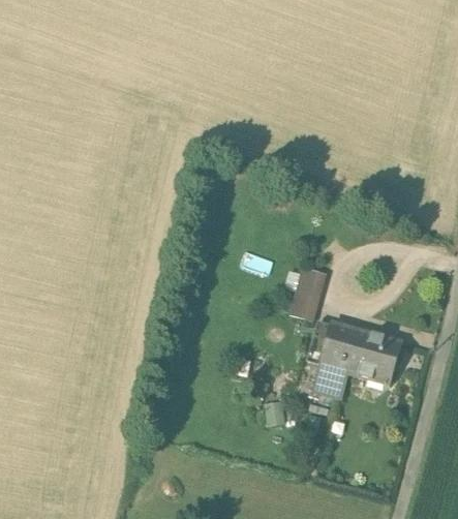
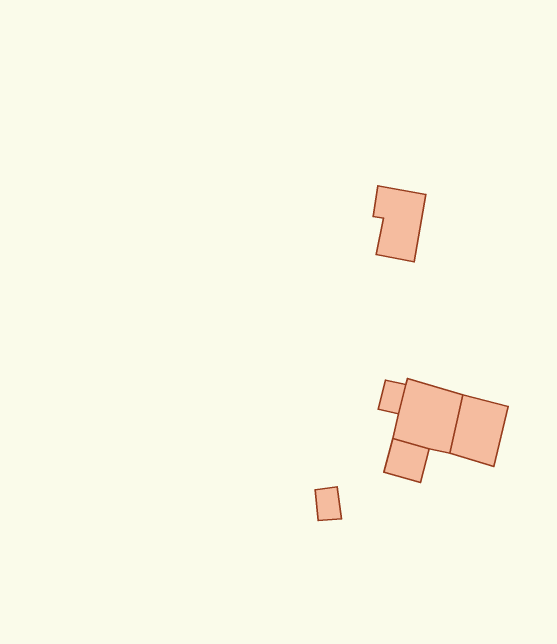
building: [286,266,324,319] -> [373,186,426,262]

